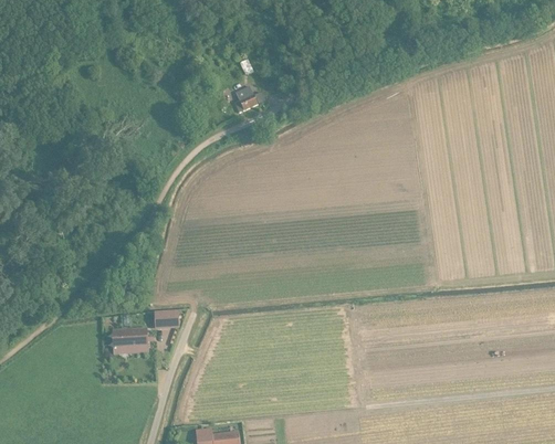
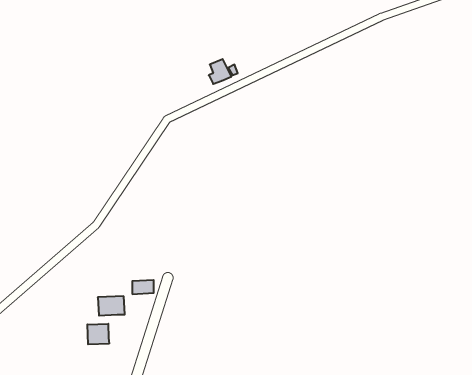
building: none -> [87,324,109,344]

